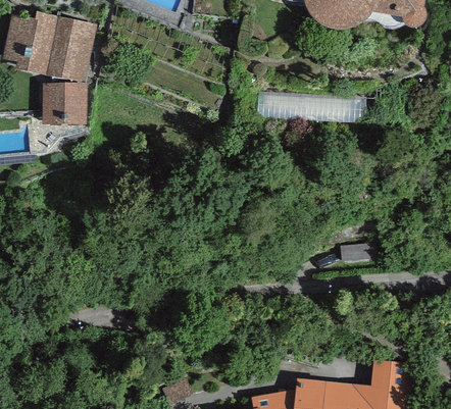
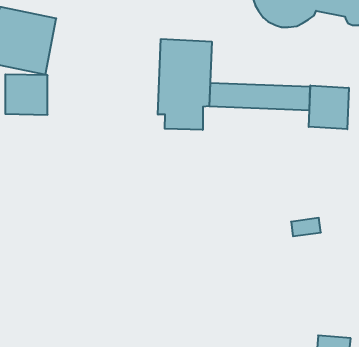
building: none -> [158,39,212,130]
building: none -> [309,85,349,129]

